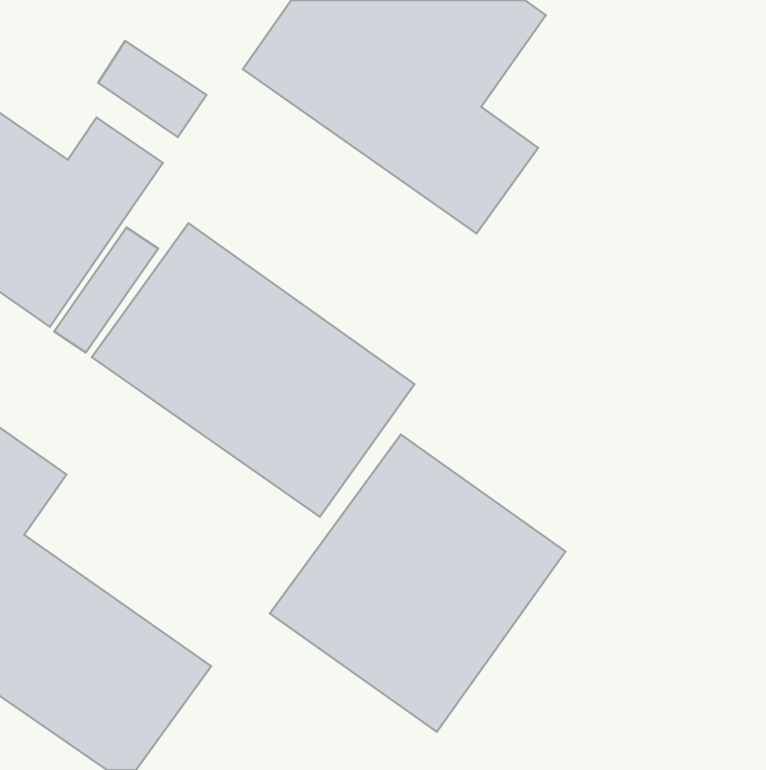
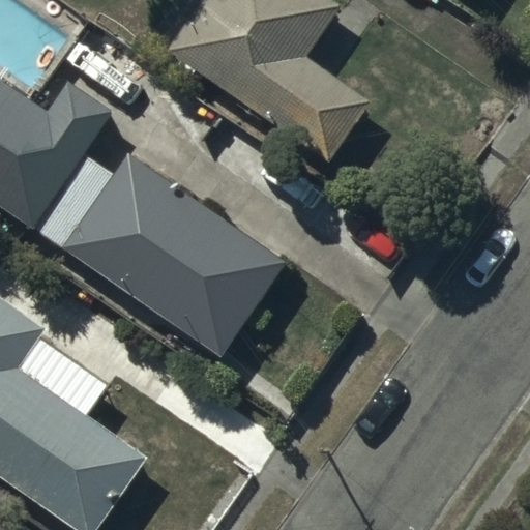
building: [270,435,565,732] -> none

